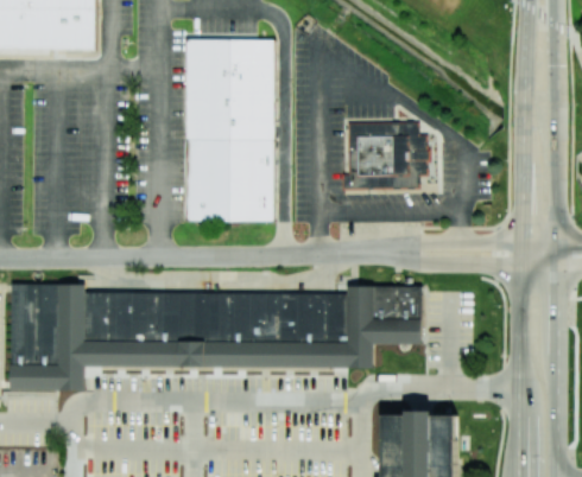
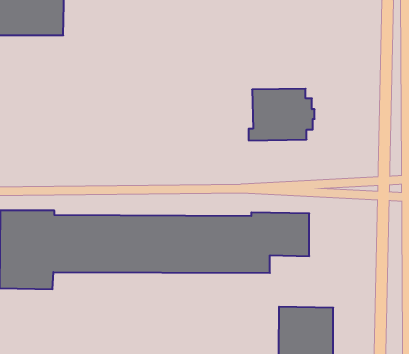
building: [184,39,273,221] -> none

